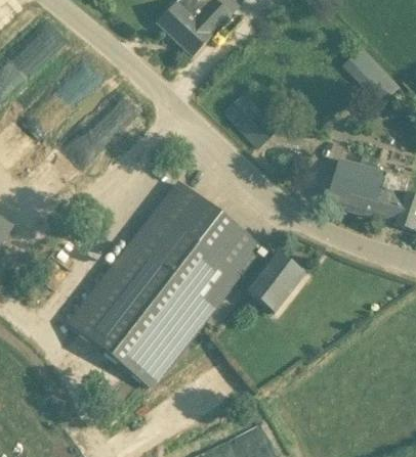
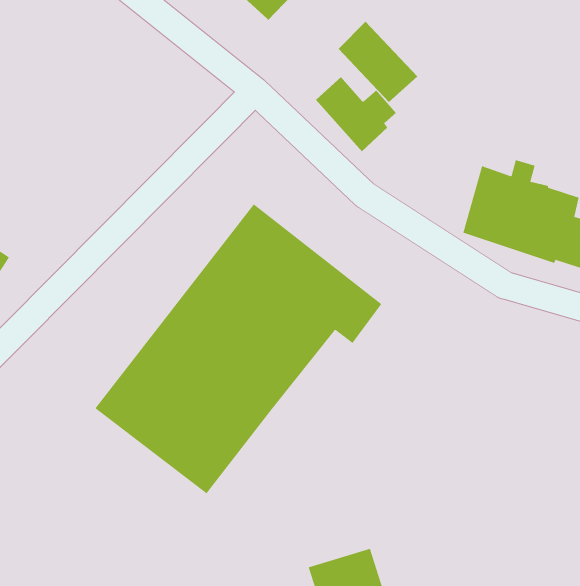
building: [343,46,400,103] -> [338,21,418,103]
building: [243,250,302,313] -> none

